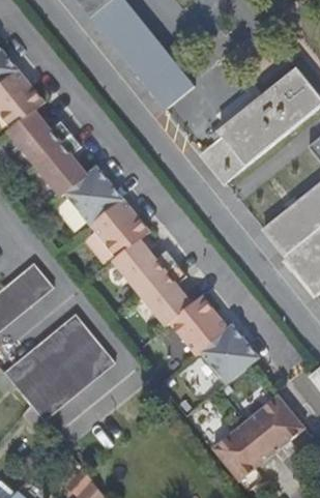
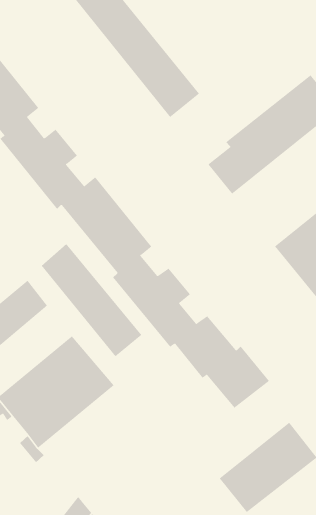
building: none -> [41,243,142,357]

